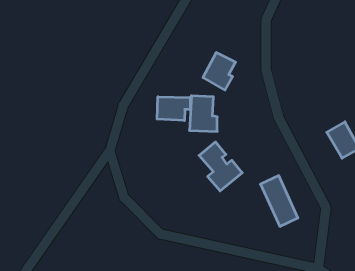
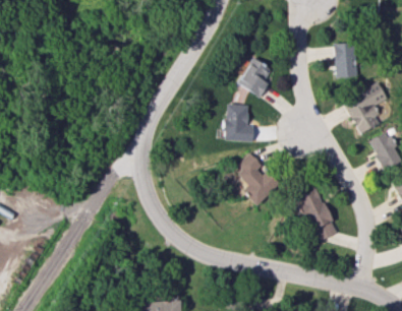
building: none -> [335,43,357,78]
building: none -> [344,82,389,134]
building: [157,97,190,121] -> none

